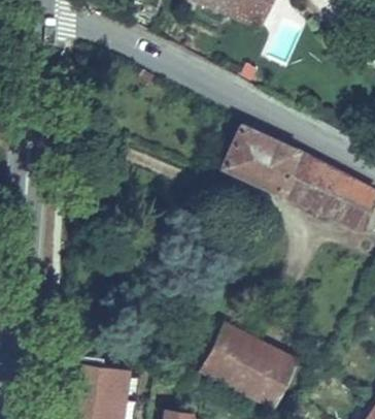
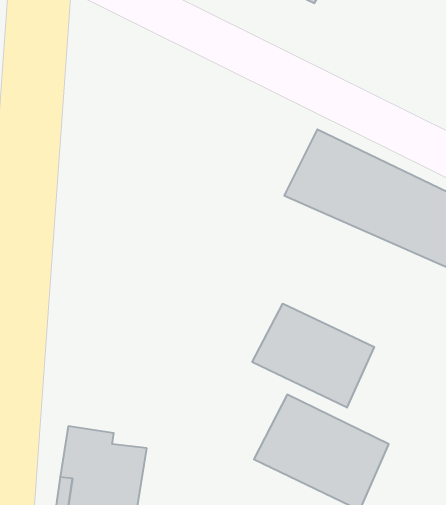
building: none -> [252,304,374,408]

